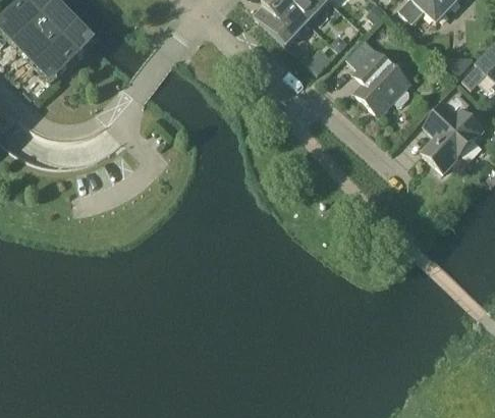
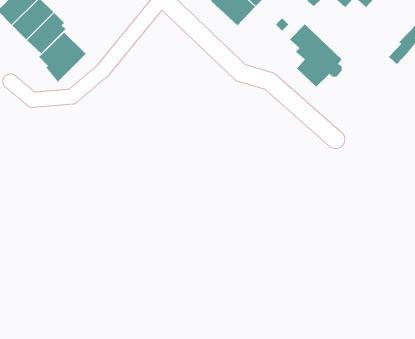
building: none -> [39,32,86,83]
building: [422,91,482,170] -> none

